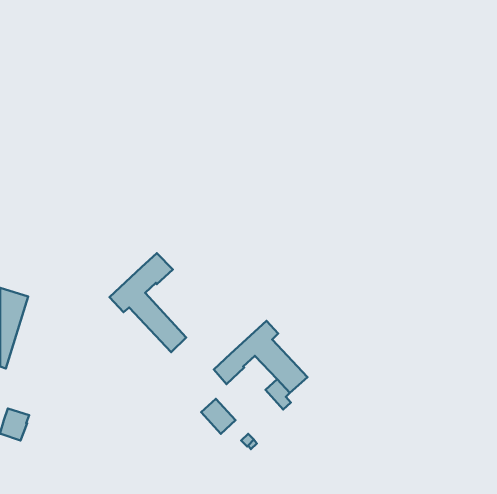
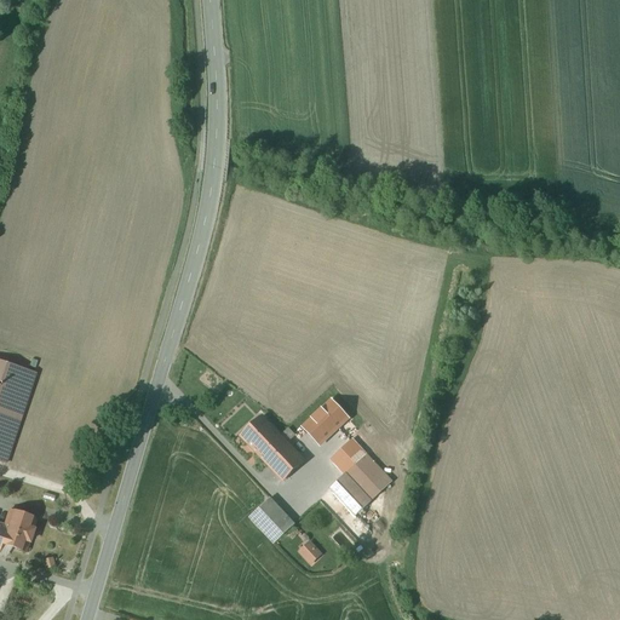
building: [109,253,186,352] -> none
building: none -> [241,413,287,460]

